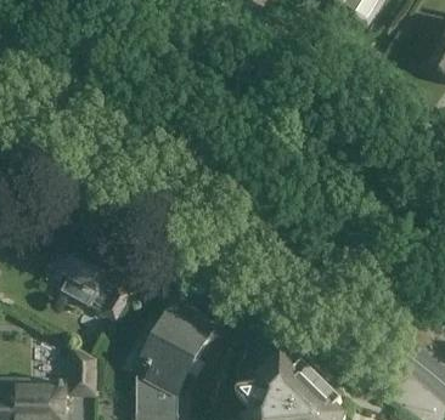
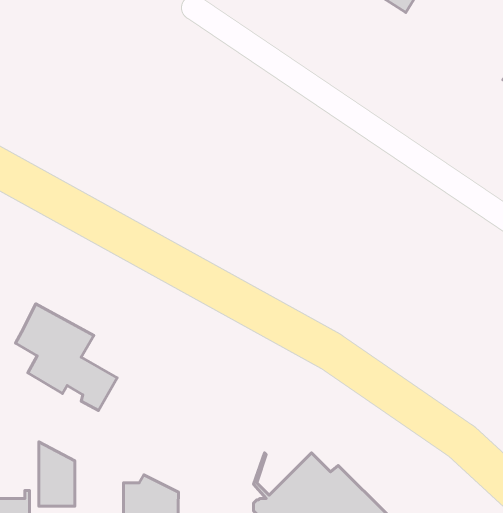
building: [139,303,215,385] -> none

